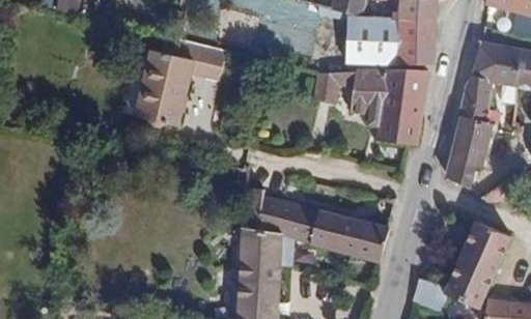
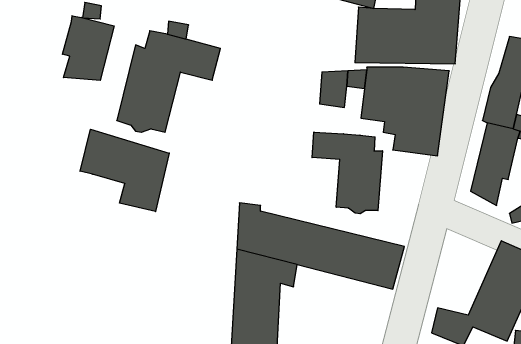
building: none -> [62,16,114,80]
building: none -> [80,129,169,212]
building: none -> [312,132,382,214]

